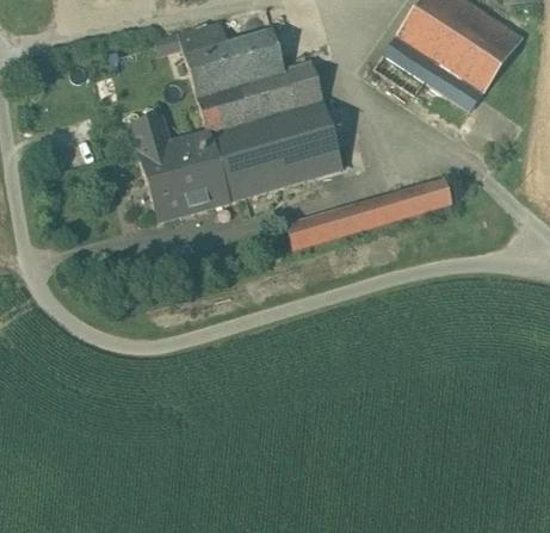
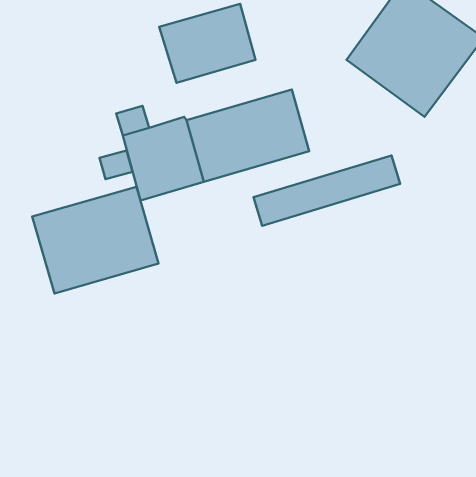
building: [198,61,323,135] -> none
building: none -> [99,150,133,179]
building: none -> [32,187,159,293]

